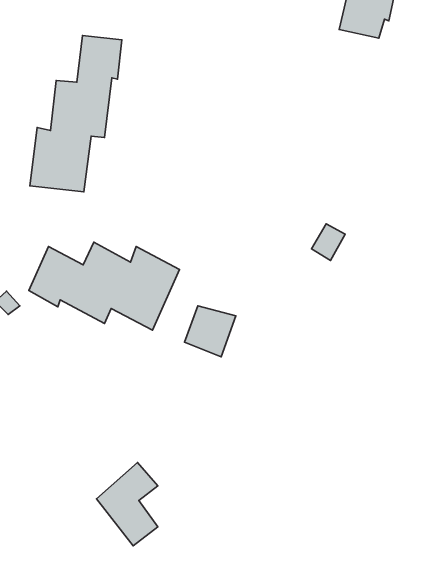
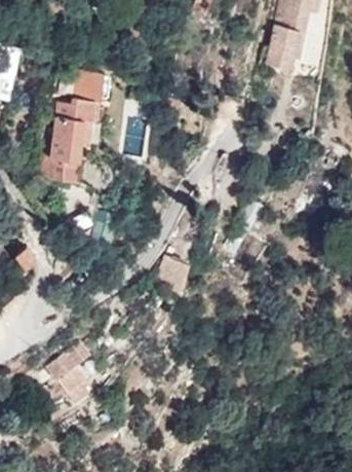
building: [29,242,179,330] -> none
building: [97,462,158,546] -> [49,340,92,399]

